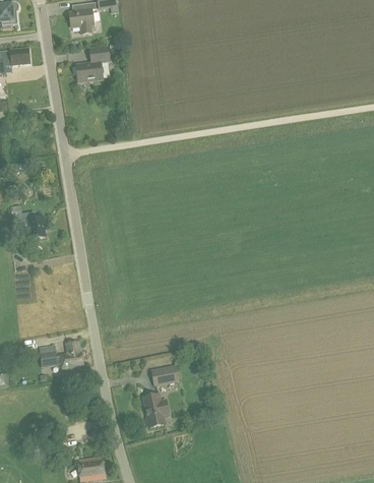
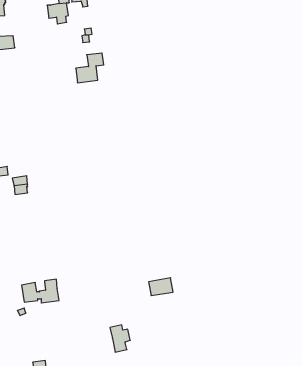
building: [75,46,109,81] -> [76,53,104,83]
building: [149,364,179,385] -> [149,278,173,296]

